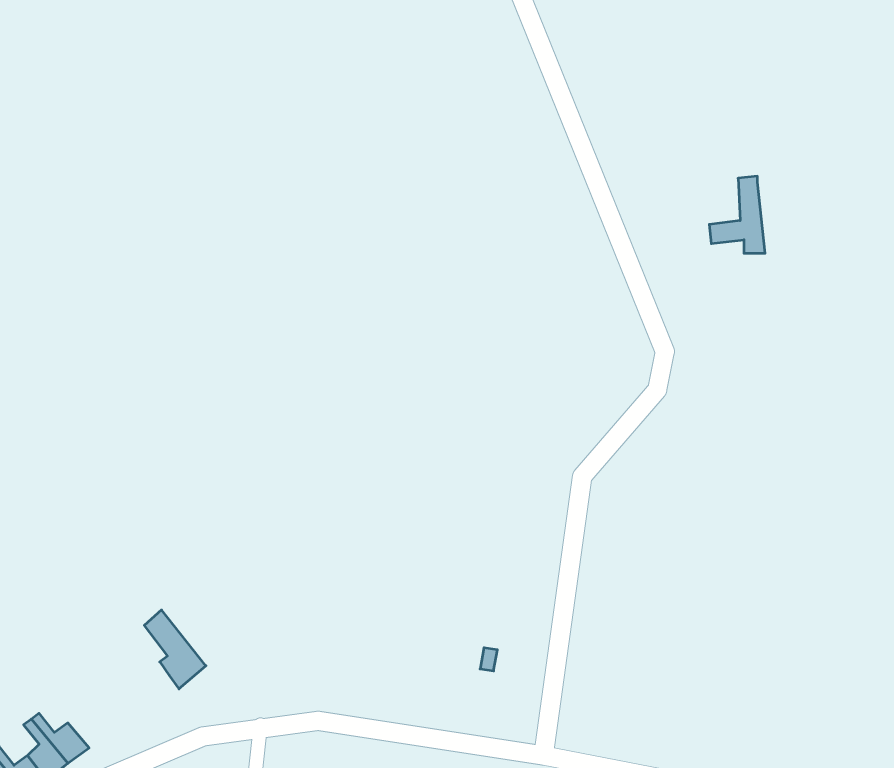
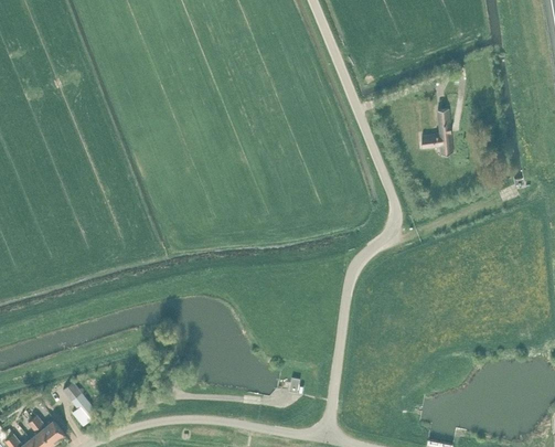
building: [144,610,206,689] -> [63,381,98,426]

